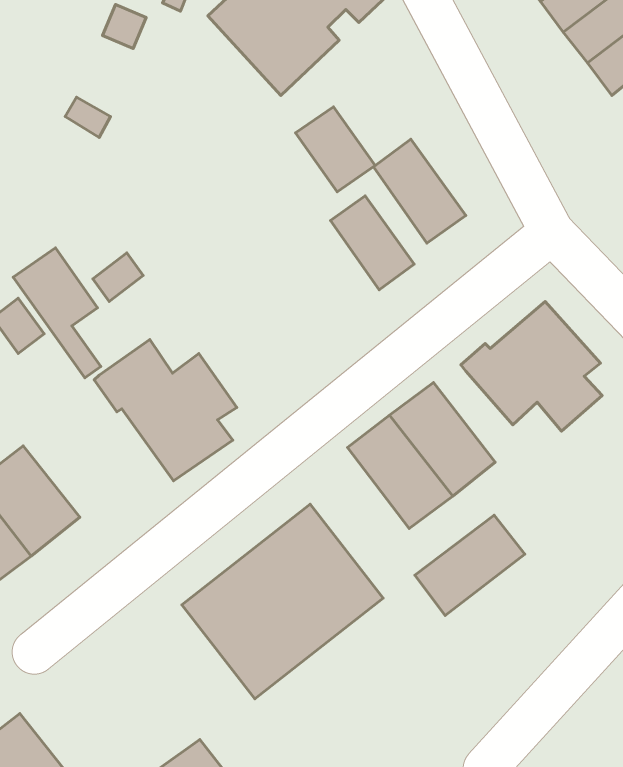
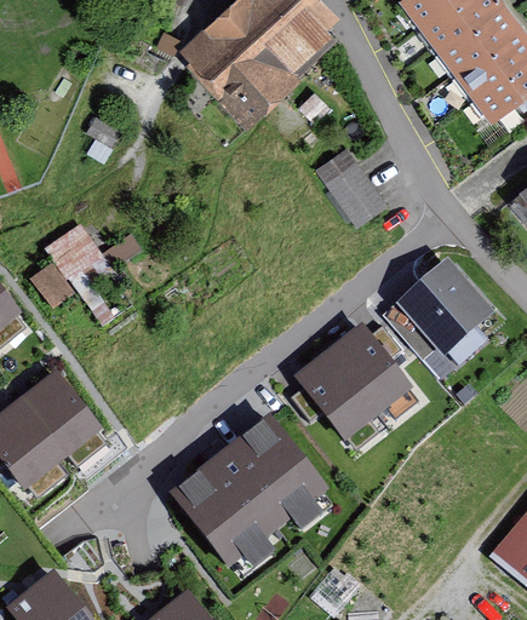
building: [296,107,375,192] -> none
building: [331,196,414,290] -> none
building: [94,340,237,481] -> none
building: [415,515,525,616] -> none

